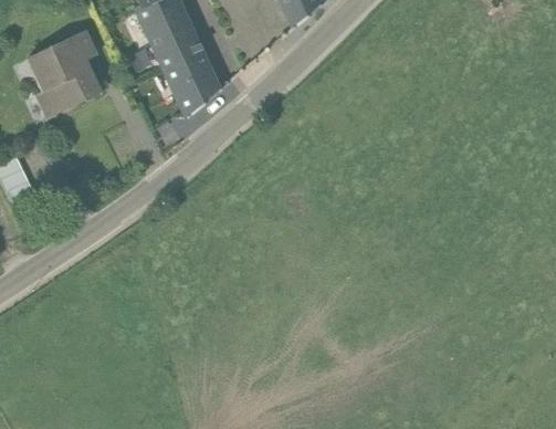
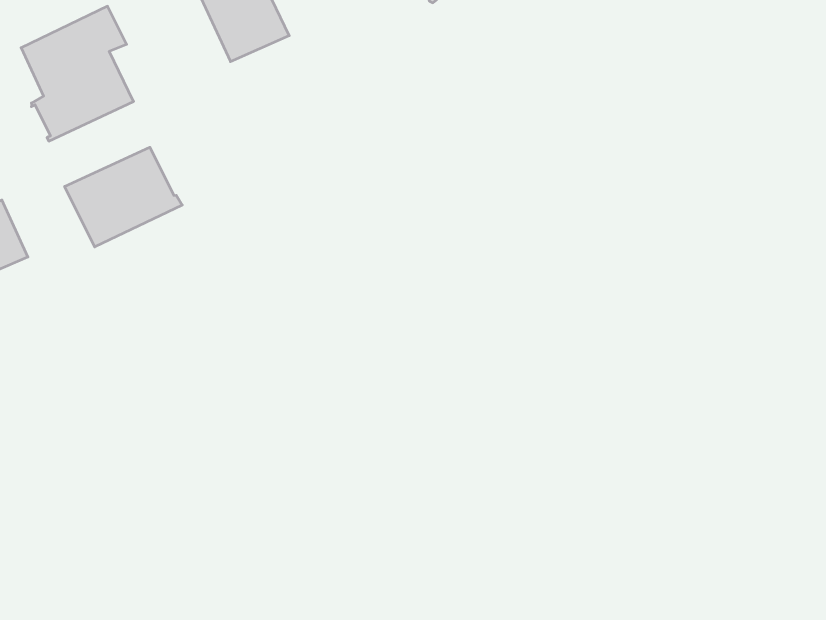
building: [164,49,220,116] -> none
building: none -> [65,147,182,247]

